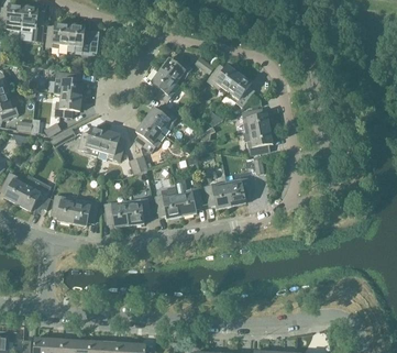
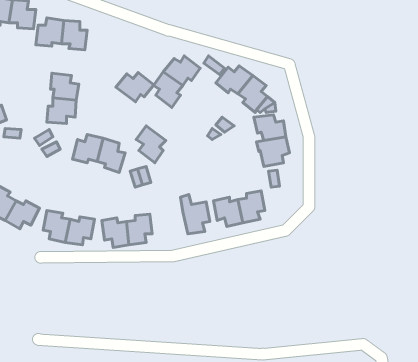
building: [144,106,178,132] -> [116,72,154,102]
building: [155,192,181,219] -> none

